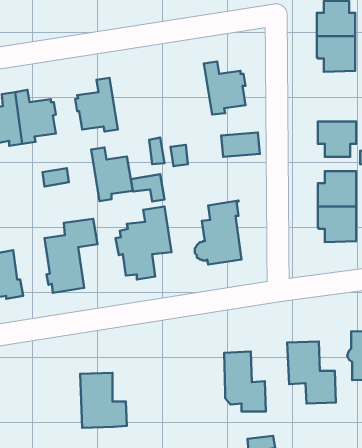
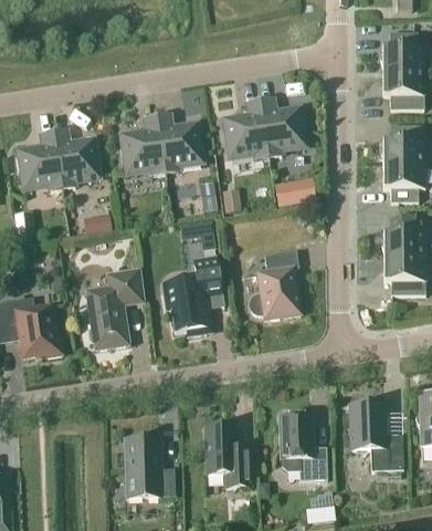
building: none -> [224,100,268,157]
building: none -> [383,124,425,163]
building: [91,147,133,201] -> [157,113,202,171]
building: none -> [206,425,250,487]

